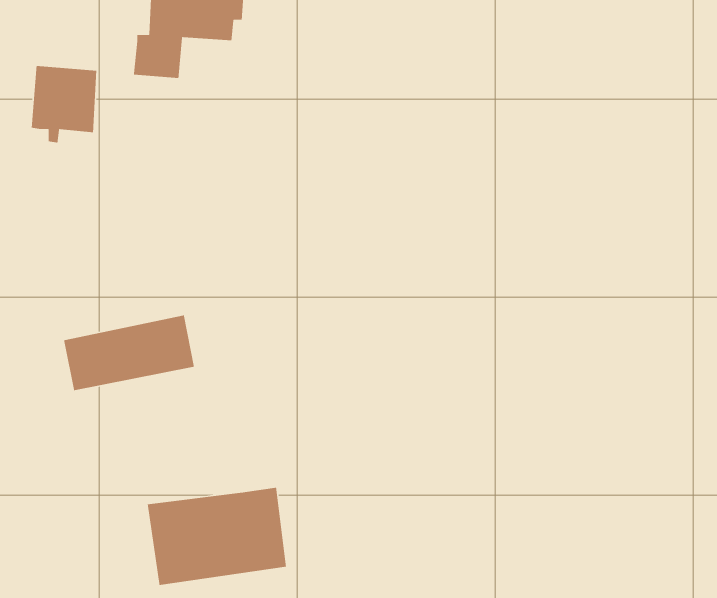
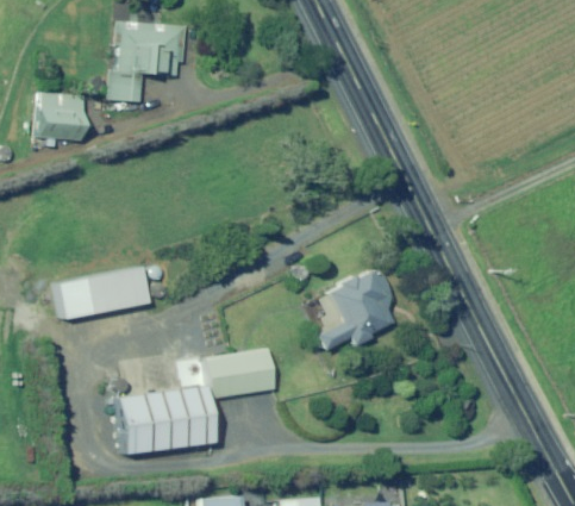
building: none -> [318,270,390,350]
building: none -> [207,349,276,398]

